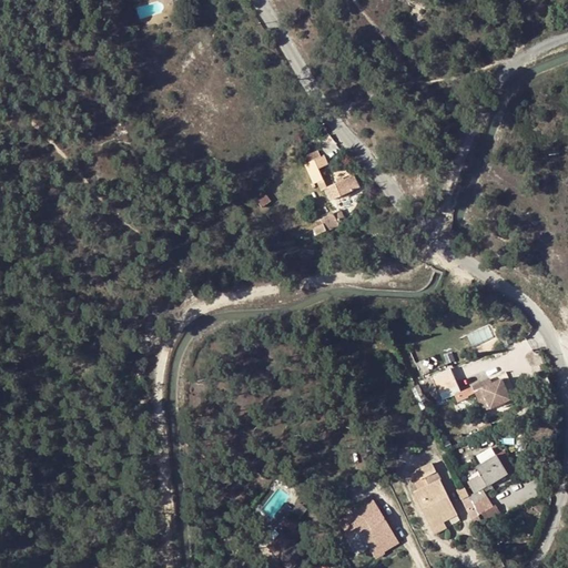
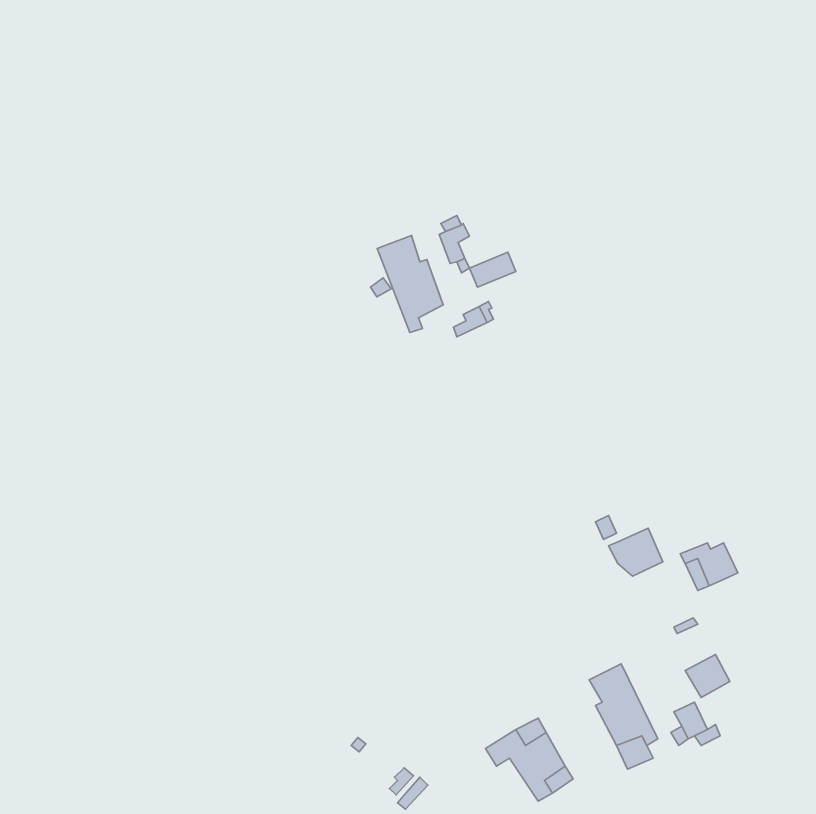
building: none -> [377,236,443,332]

